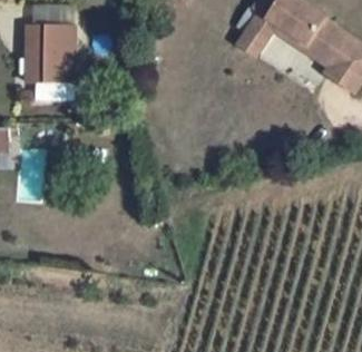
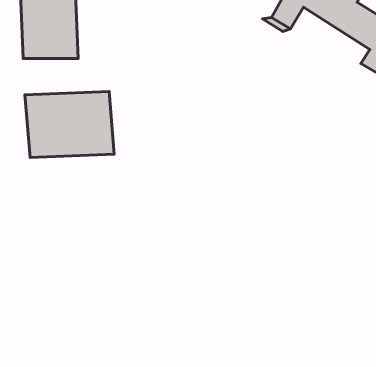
building: none -> [25,92,114,157]

